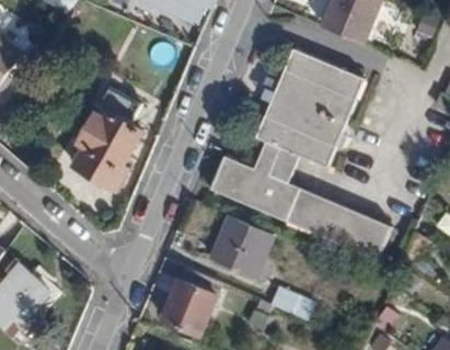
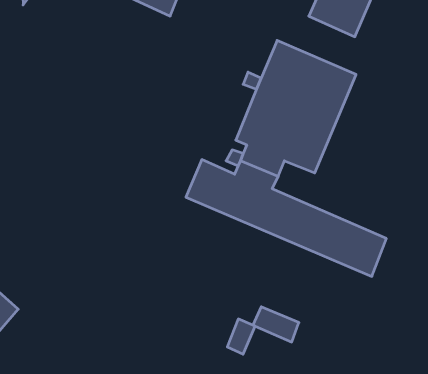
building: [71,87,141,190] -> none
building: [209,214,274,278] -> none
building: [160,267,221,338] -> none

